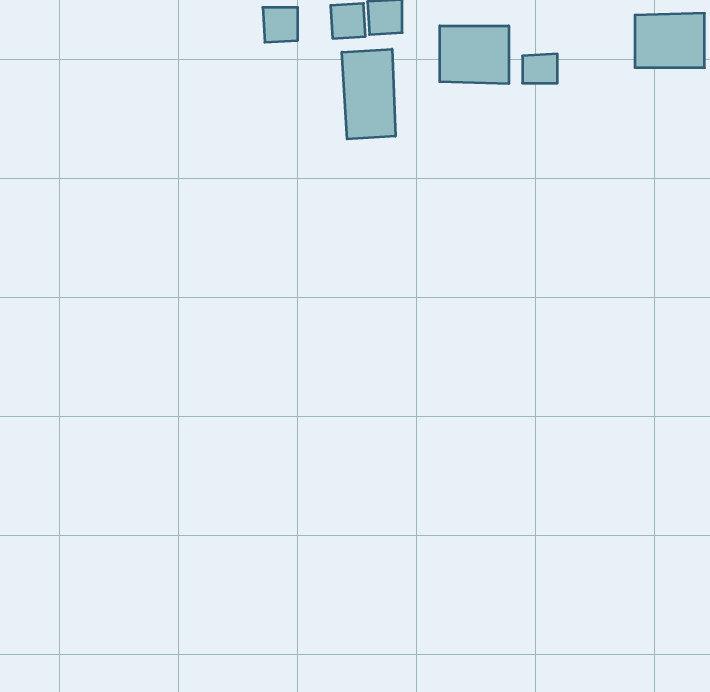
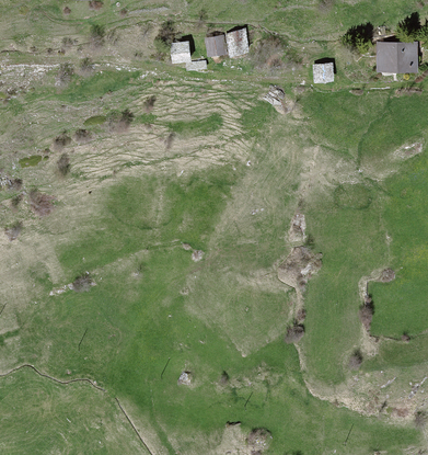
building: [440,26,509,84] -> none
building: [342,49,395,139] -> none

